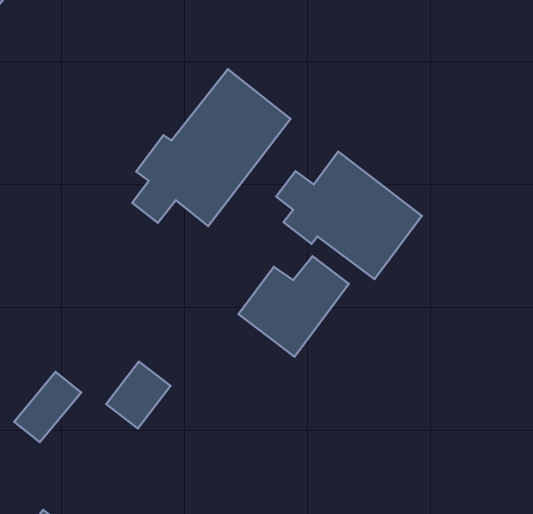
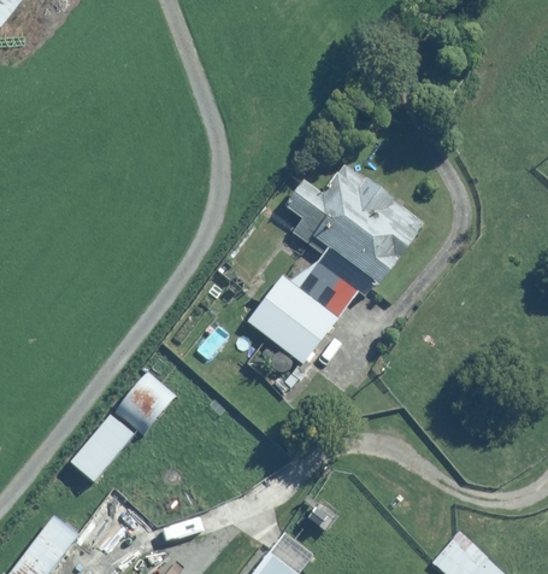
building: [132,69,291,226] -> none
building: [14,372,81,442] -> [69,415,135,485]

